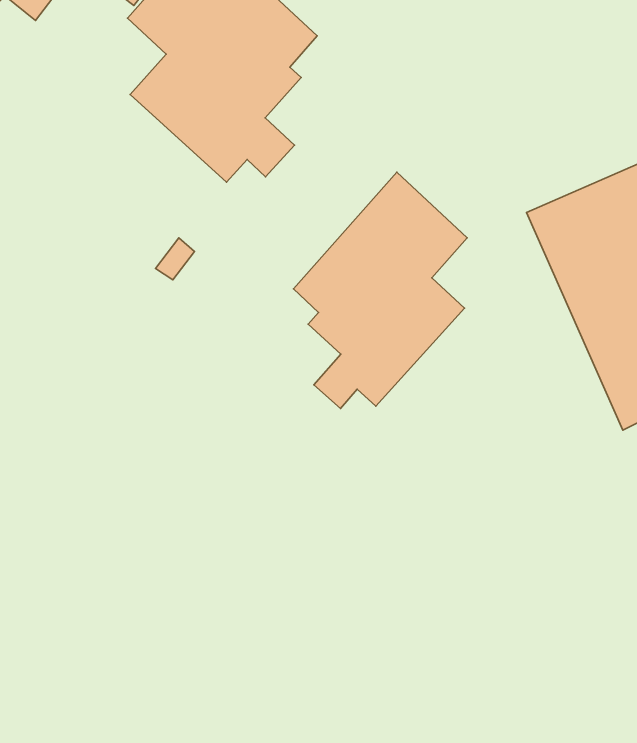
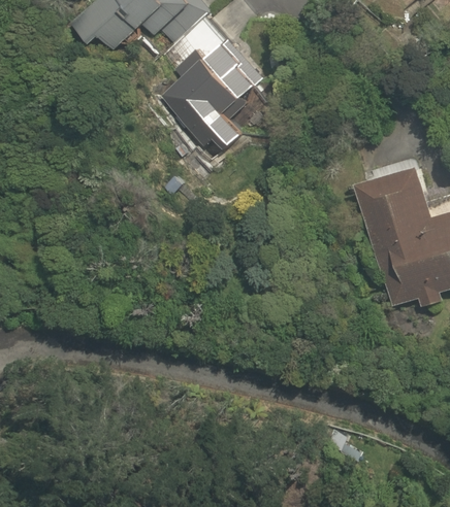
building: [293,172,467,408] -> none

